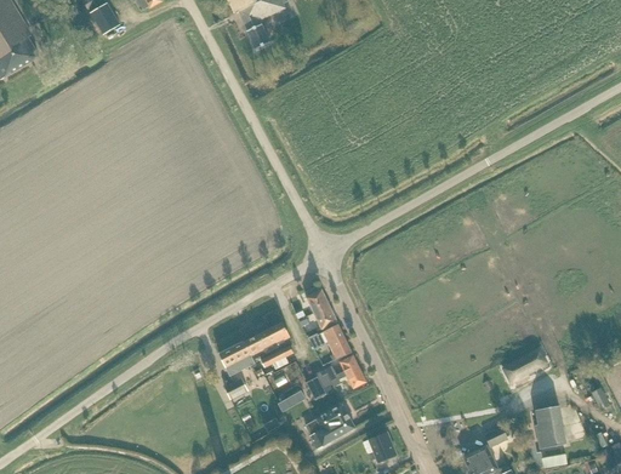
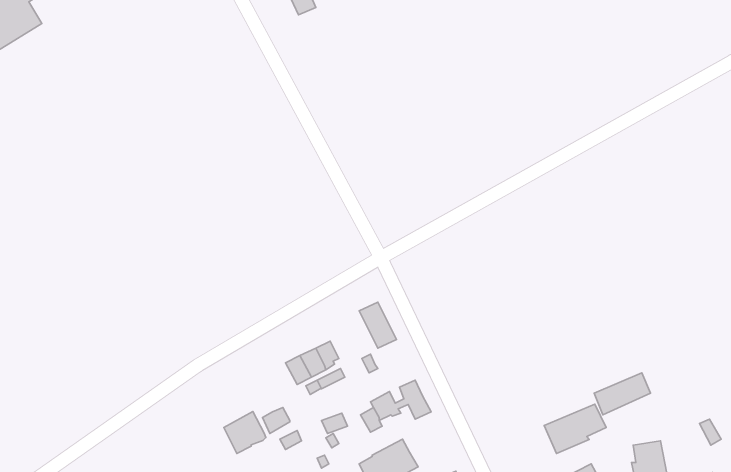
building: [323,325,352,360] -> none
building: [220,341,255,376] -> [224,412,266,454]
building: none -> [544,404,606,453]

